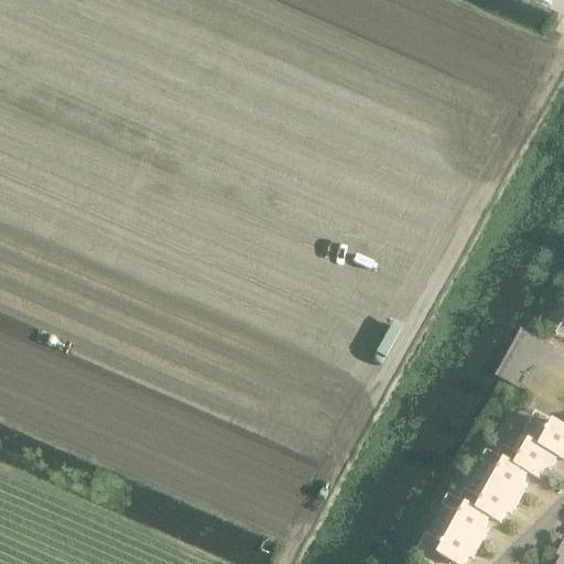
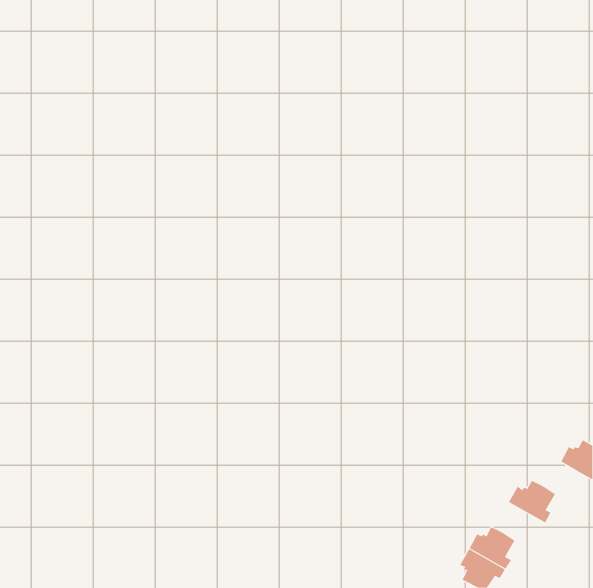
building: [513,433,556,475] -> none
building: [475,477,518,519] -> none

